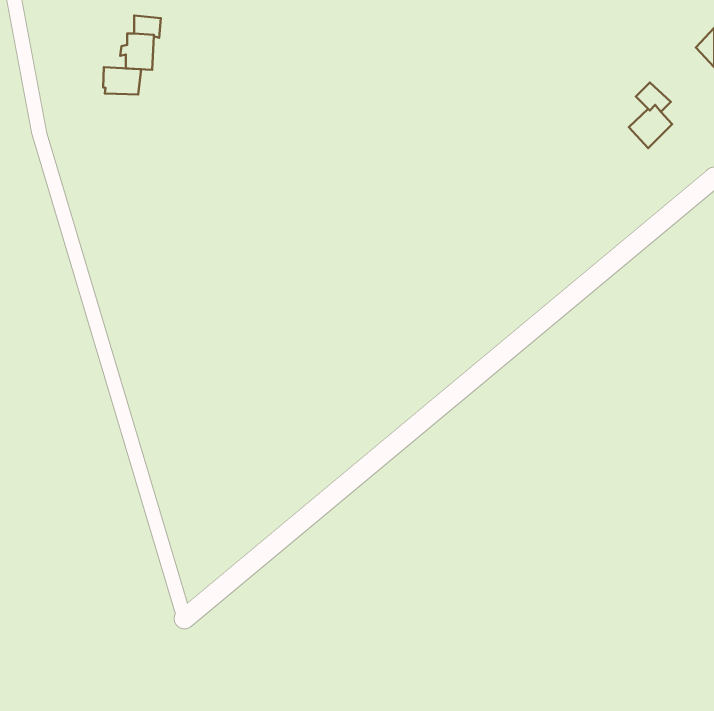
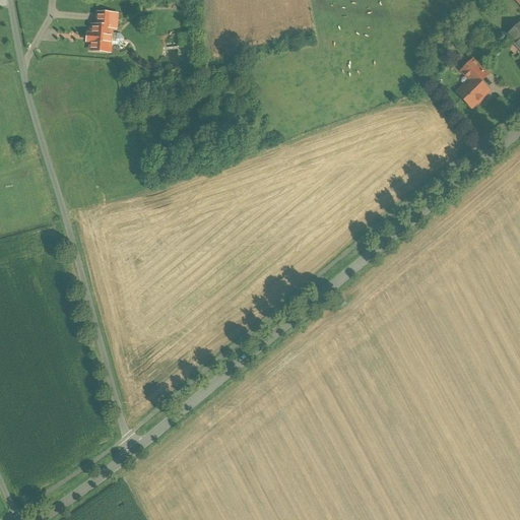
building: [103,67,141,95] -> none

